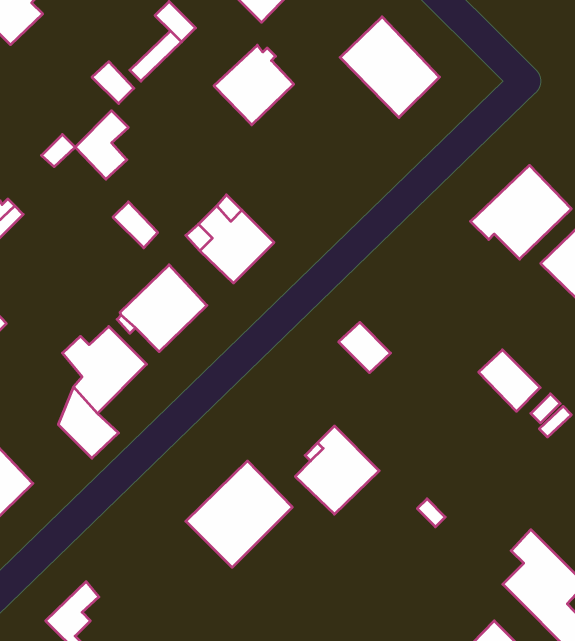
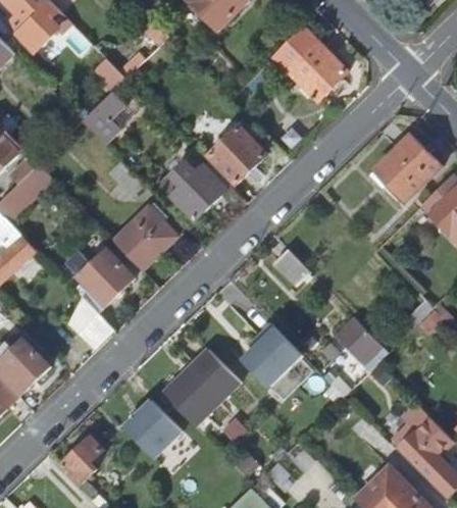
building: [214,45,294,125] -> [207,125,265,184]
building: [479,350,540,411] -> [338,317,383,362]
building: none -> [122,401,181,459]

